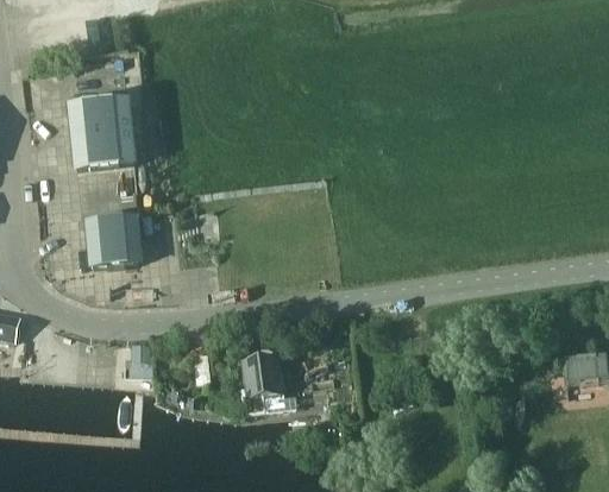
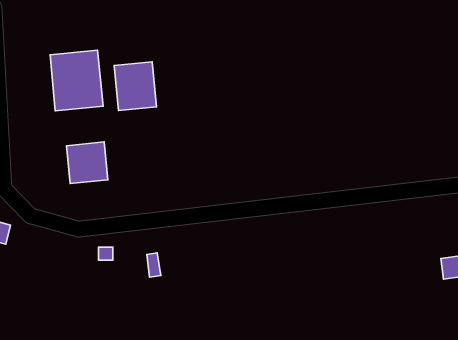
building: none -> [114,62,157,111]
building: [241,351,281,409] -> none

